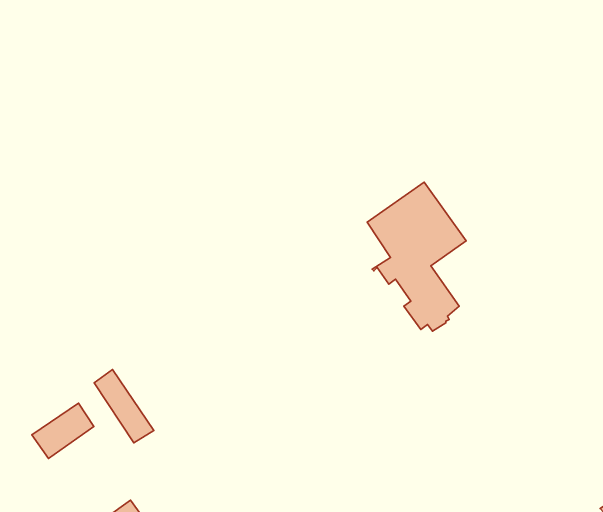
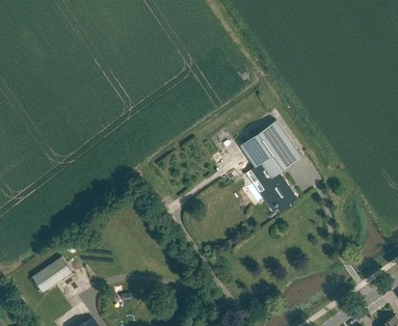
building: [94,369,154,443] -> none

